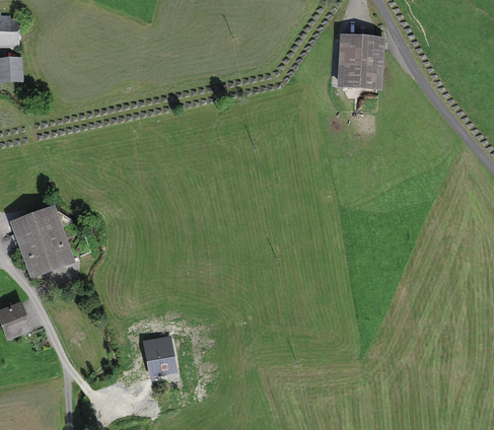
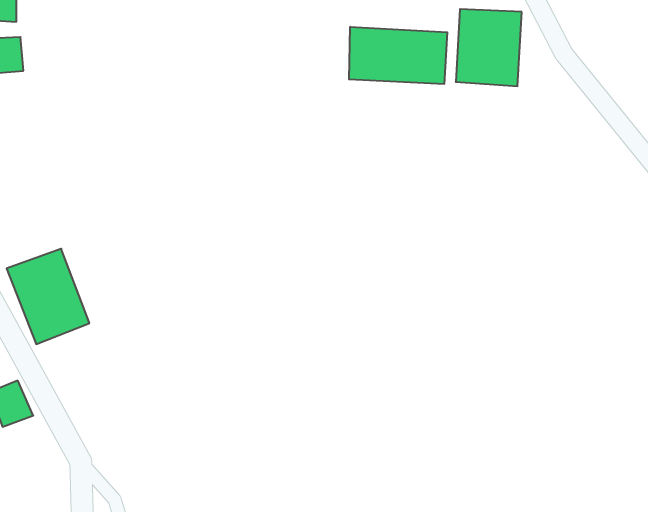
building: none -> [349,27,447,84]
building: [141,334,178,375] -> none

